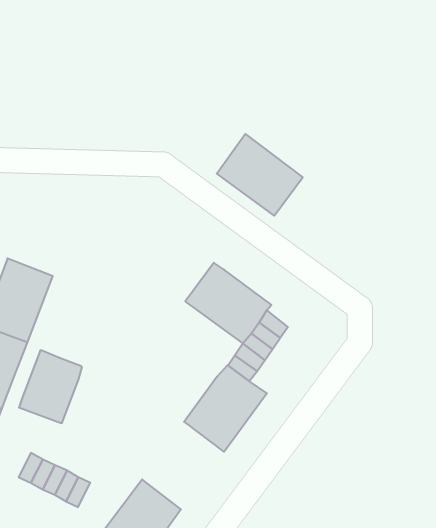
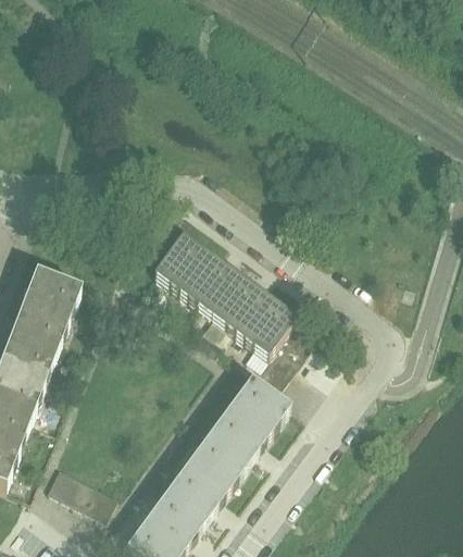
building: [217,134,303,216] -> [154,232,239,312]
building: [19,350,82,423] -> none
building: none -> [168,431,249,517]

